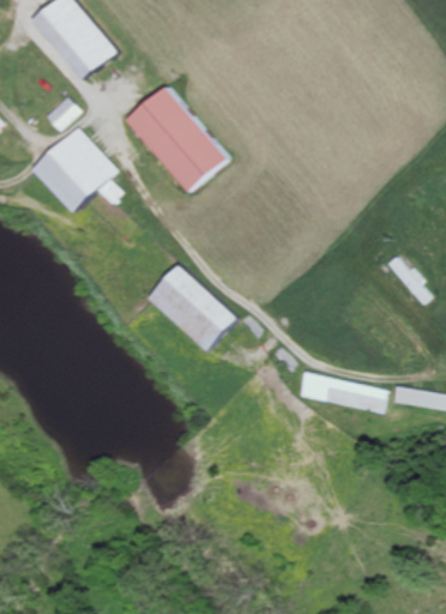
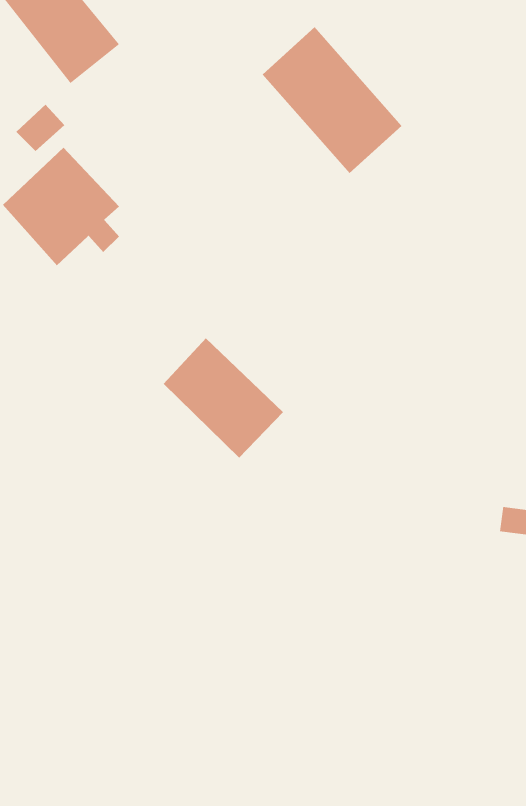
building: [123,85,225,192] -> [262,26,403,174]
building: [297,372,384,413] -> none

